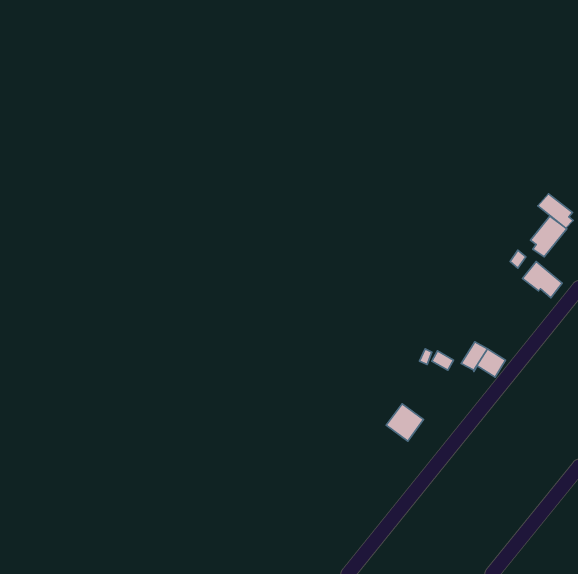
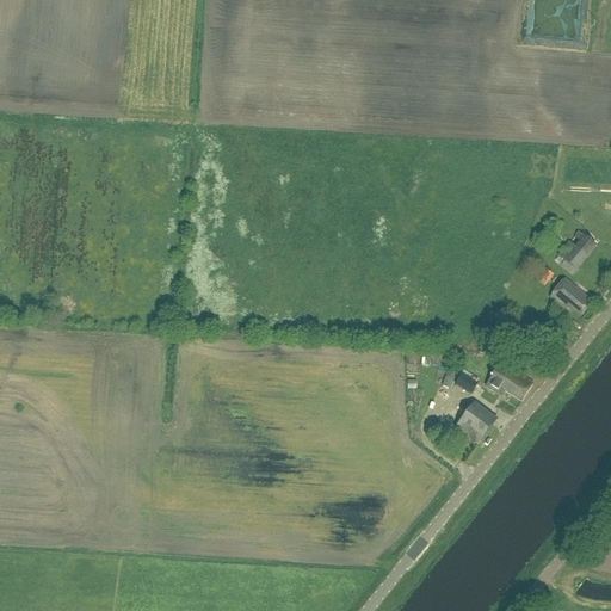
building: [538,194,573,228] -> none
building: [386,404,424,441] -> [455,402,494,442]

